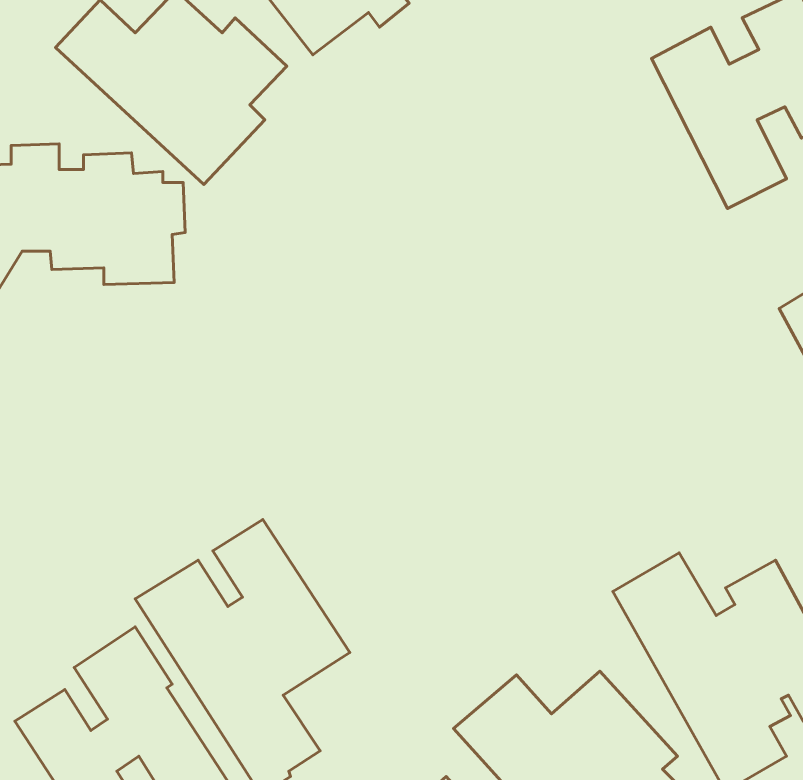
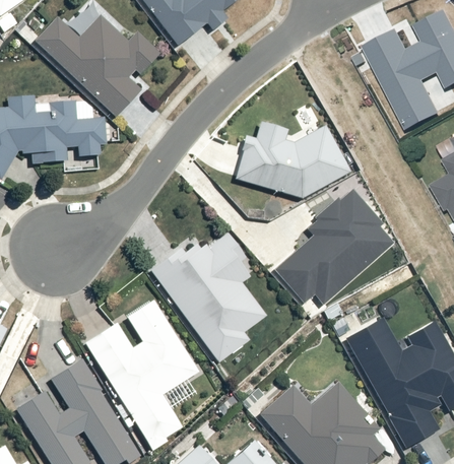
building: none -> [235,126,348,199]
building: none -> [271,190,393,307]
building: none -> [145,233,265,364]

